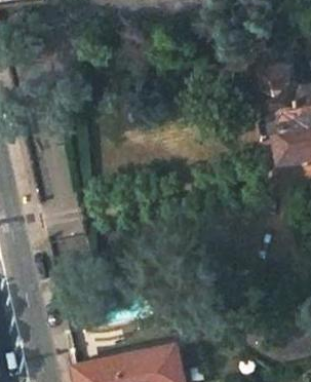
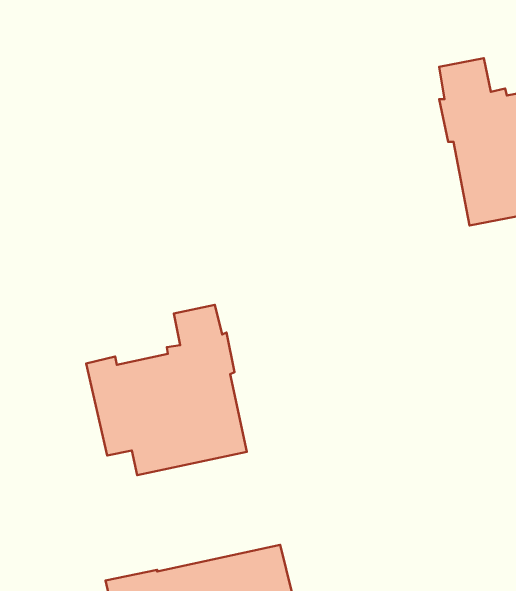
building: none -> [86,305,247,475]

